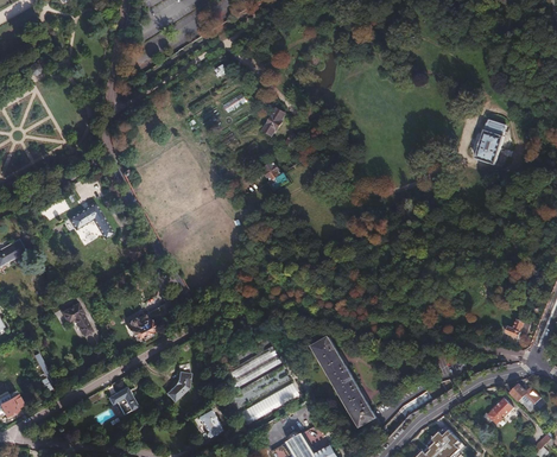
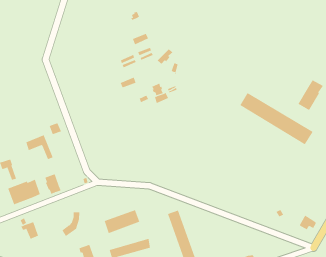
building: none -> [240,92,314,145]
building: [69,203,113,239] -> [25,134,54,160]
building: none -> [8,179,40,205]

